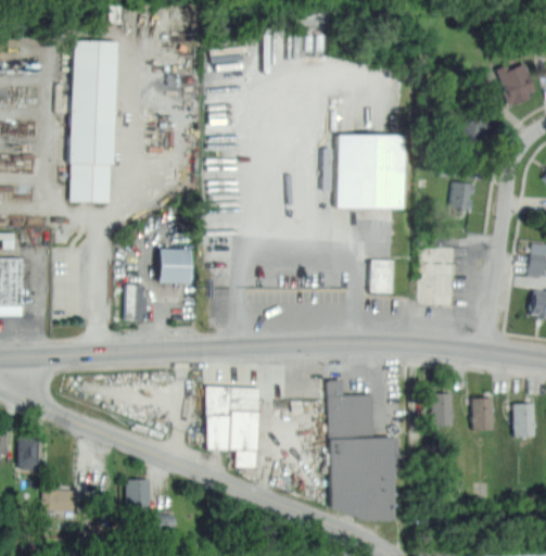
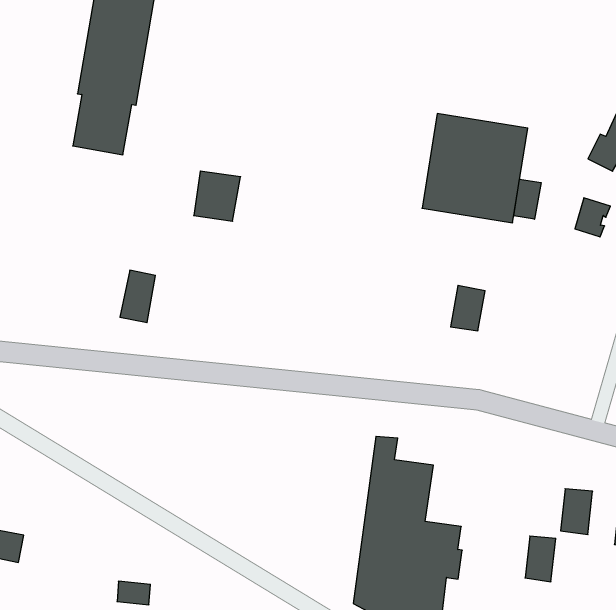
building: none -> [514,179,541,219]
building: [158,250,189,283] -> [194,171,241,221]
building: [206,388,258,468] -> none
building: [431,394,452,427] -> [525,536,556,582]
building: [126,480,150,515] -> none

